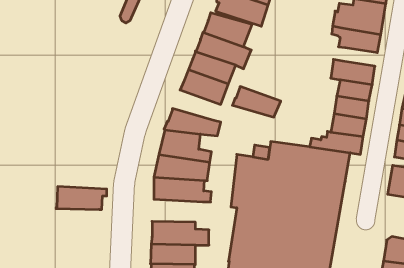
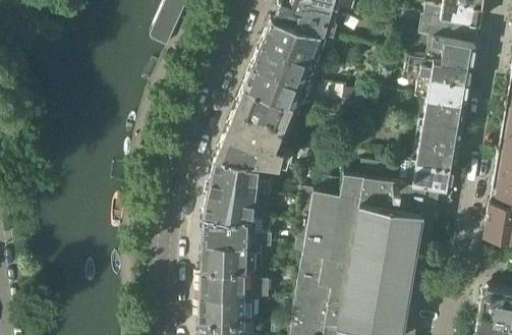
building: none -> [410,55,471,80]
building: [232,87,281,117] -> [225,109,283,146]
building: [56,187,107,209] -> [201,240,262,268]

